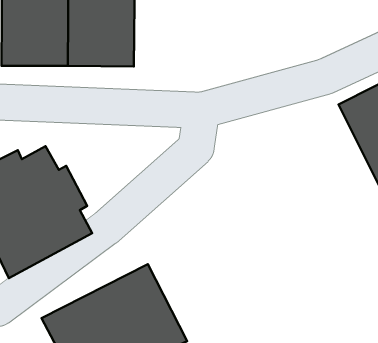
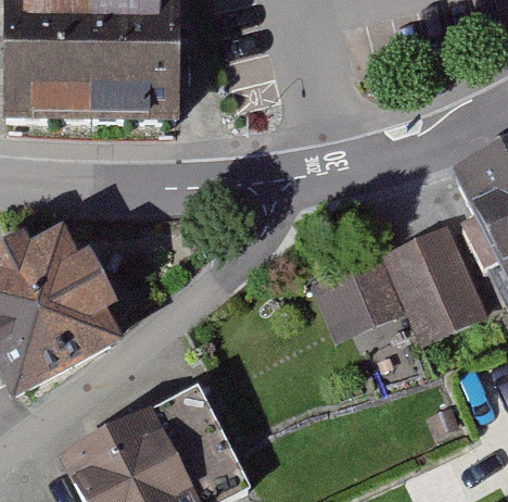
building: none -> [310,218,488,340]

